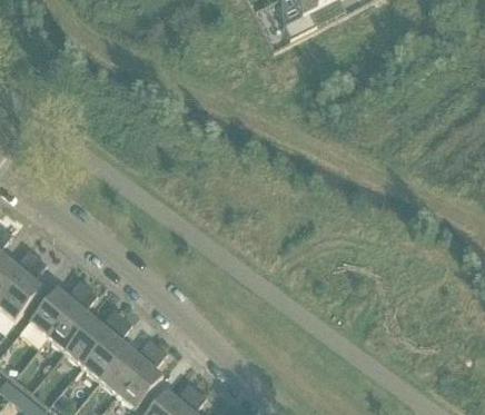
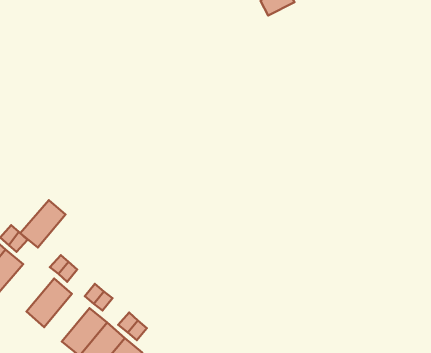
building: [28,285,73,333] -> [20,200,65,248]
building: [63,315,109,363] -> none

